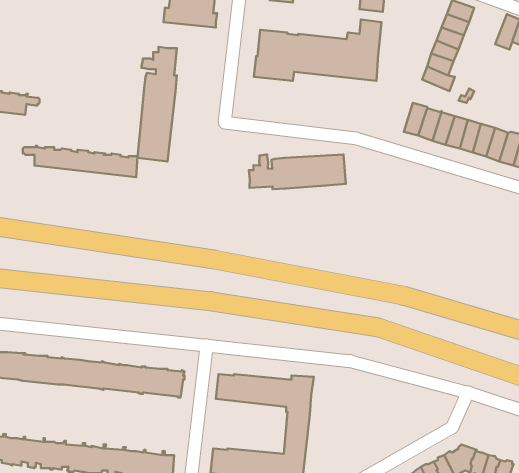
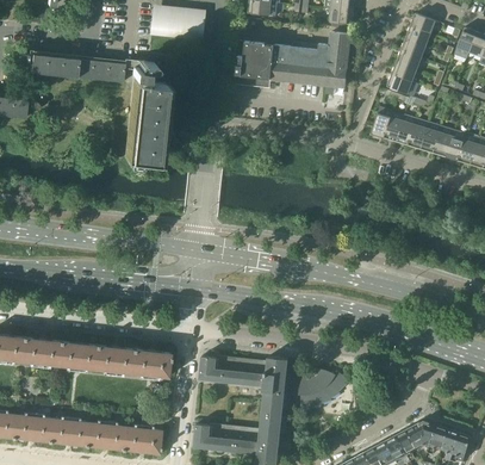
building: [23,146,138,177] -> [19,54,124,82]
building: [249,154,346,189] -> none
building: none -> [285,368,347,407]

